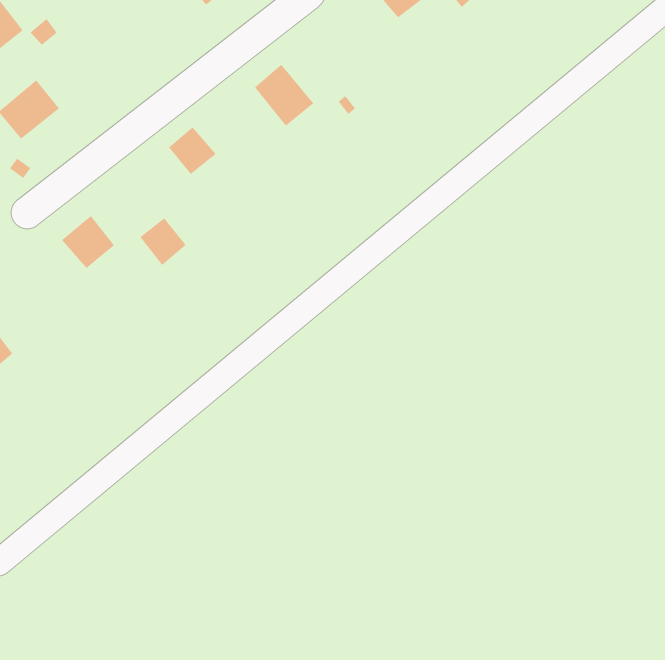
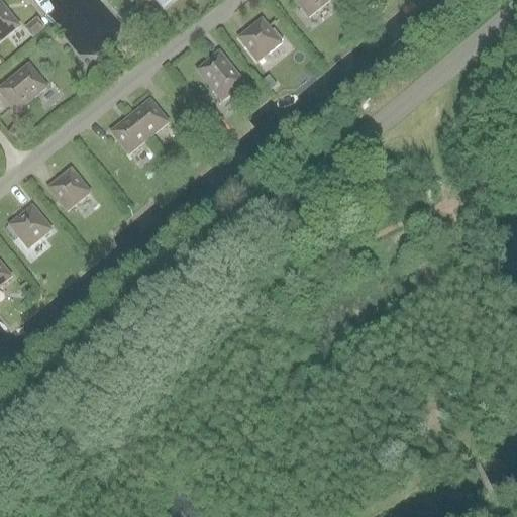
building: none -> [238,17,282,59]
building: [140,218,187,266] -> [111,114,147,151]
building: none -> [9,204,50,245]

